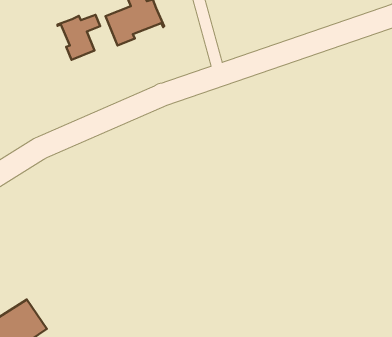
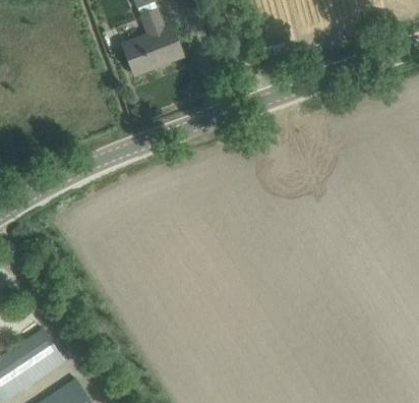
building: [57,15,100,60] -> none

